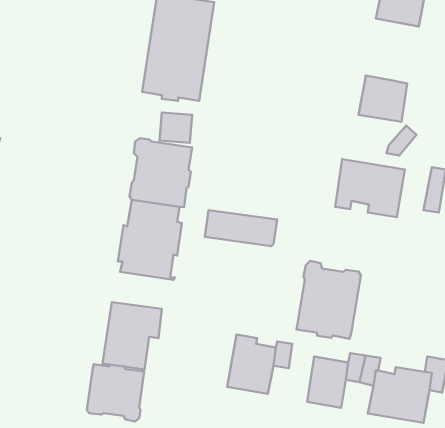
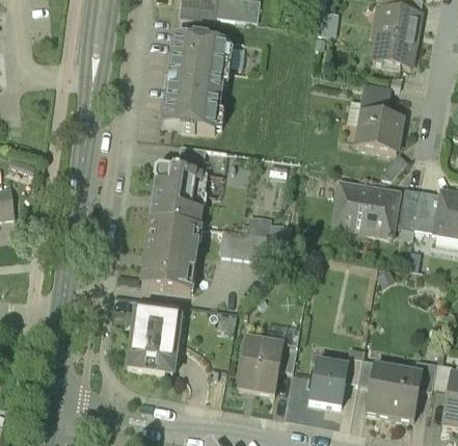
building: none -> [358,80,389,111]
building: none -> [399,187,422,228]
building: [296,261,361,339] -> none
building: [87,364,144,421] -> none

